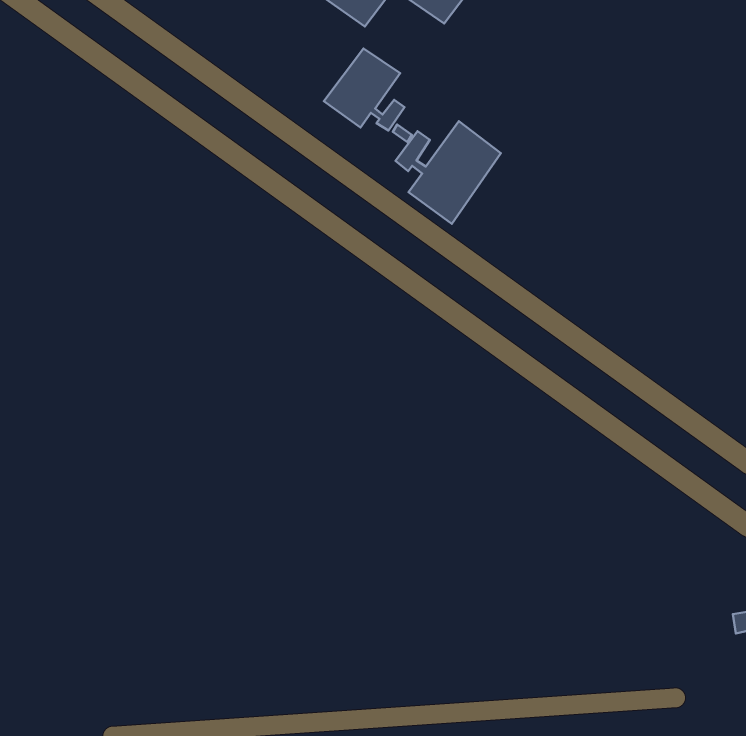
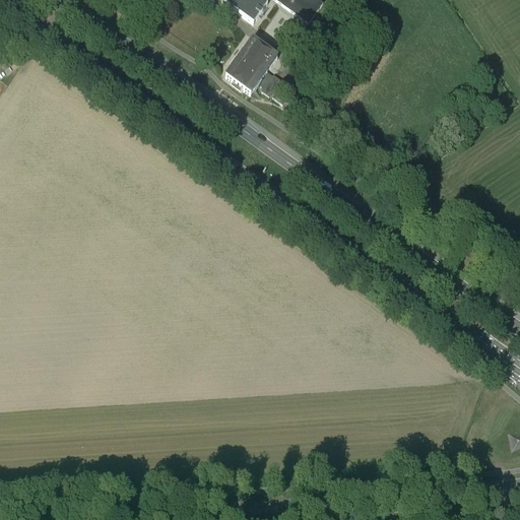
building: [395,121,501,224] -> none

